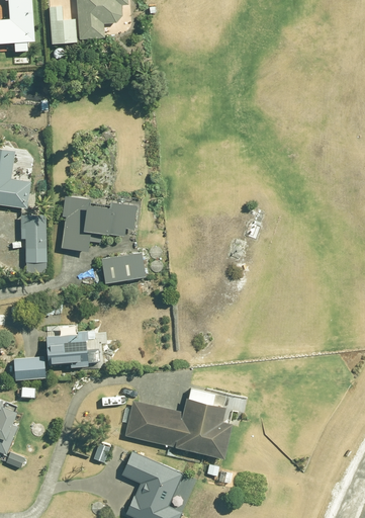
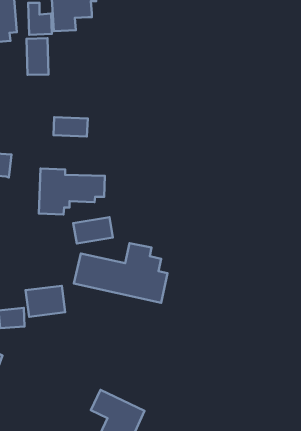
building: none -> [26,38,48,75]
building: none -> [53,117,88,137]
building: [21,213,45,262] -> none
building: [125,388,233,457] -> [74,243,167,303]

